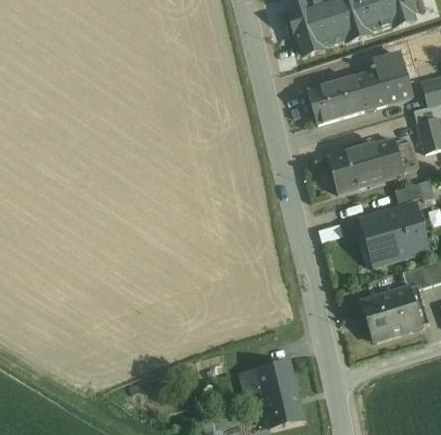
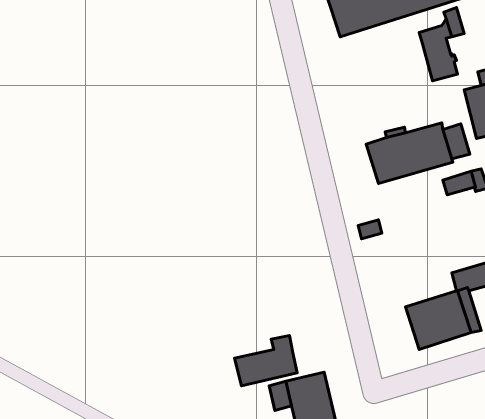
building: [307,66,387,123] -> none
building: [361,204,428,264] -> none
building: none -> [235,335,297,386]

